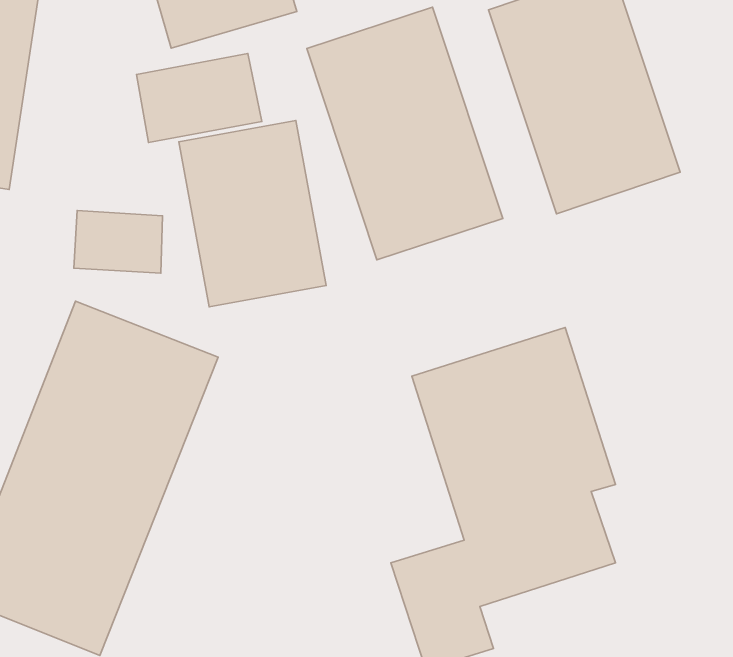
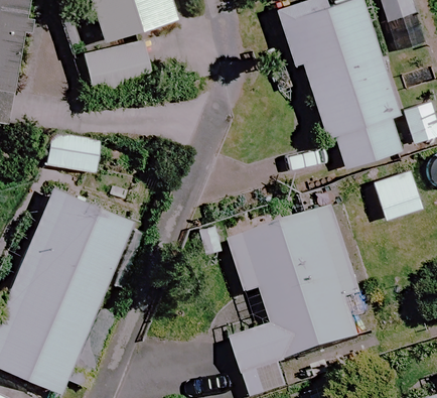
building: [307,7,503,260] -> none
building: [179,121,326,307] -> none

